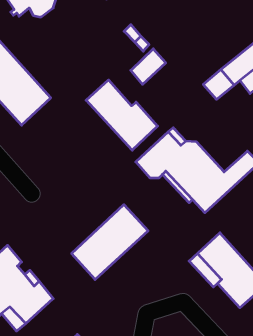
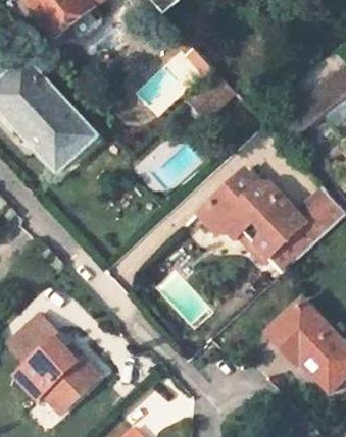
building: [86,80,158,150] -> none
building: [72,205,148,280] -> none

